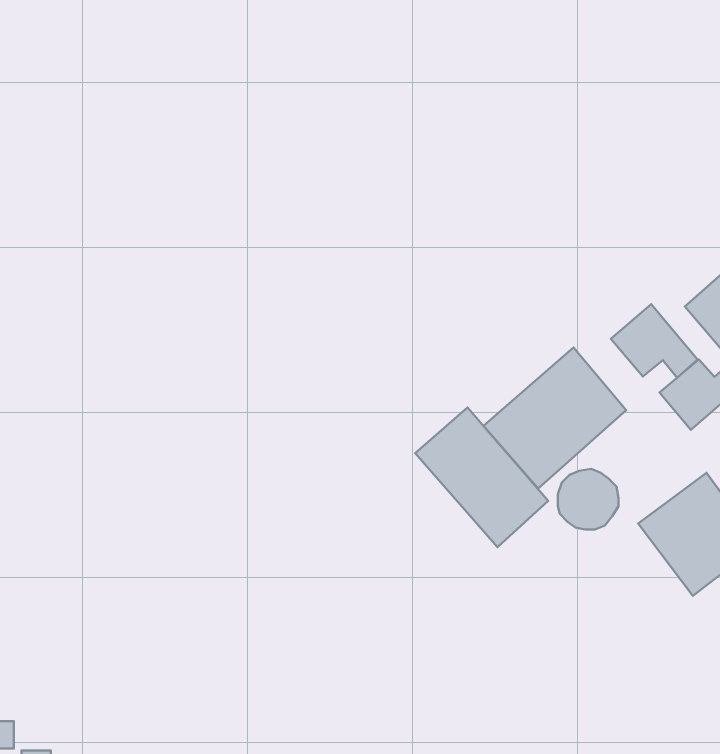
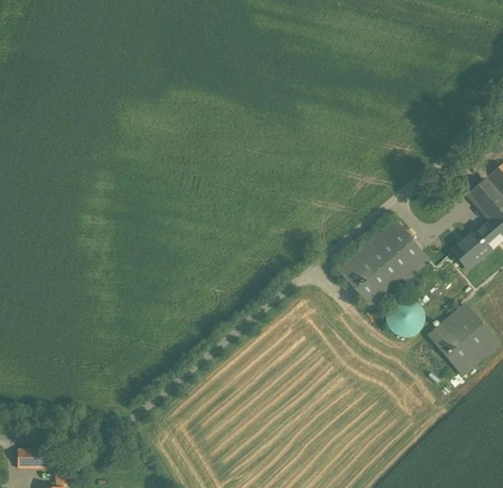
building: [611,304,698,378] -> none
building: [415,408,548,547] -> none

